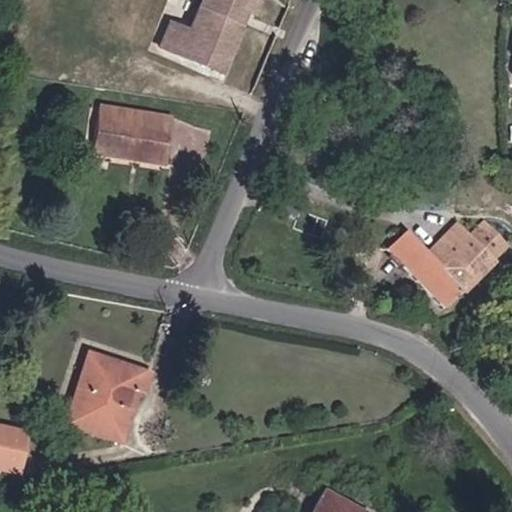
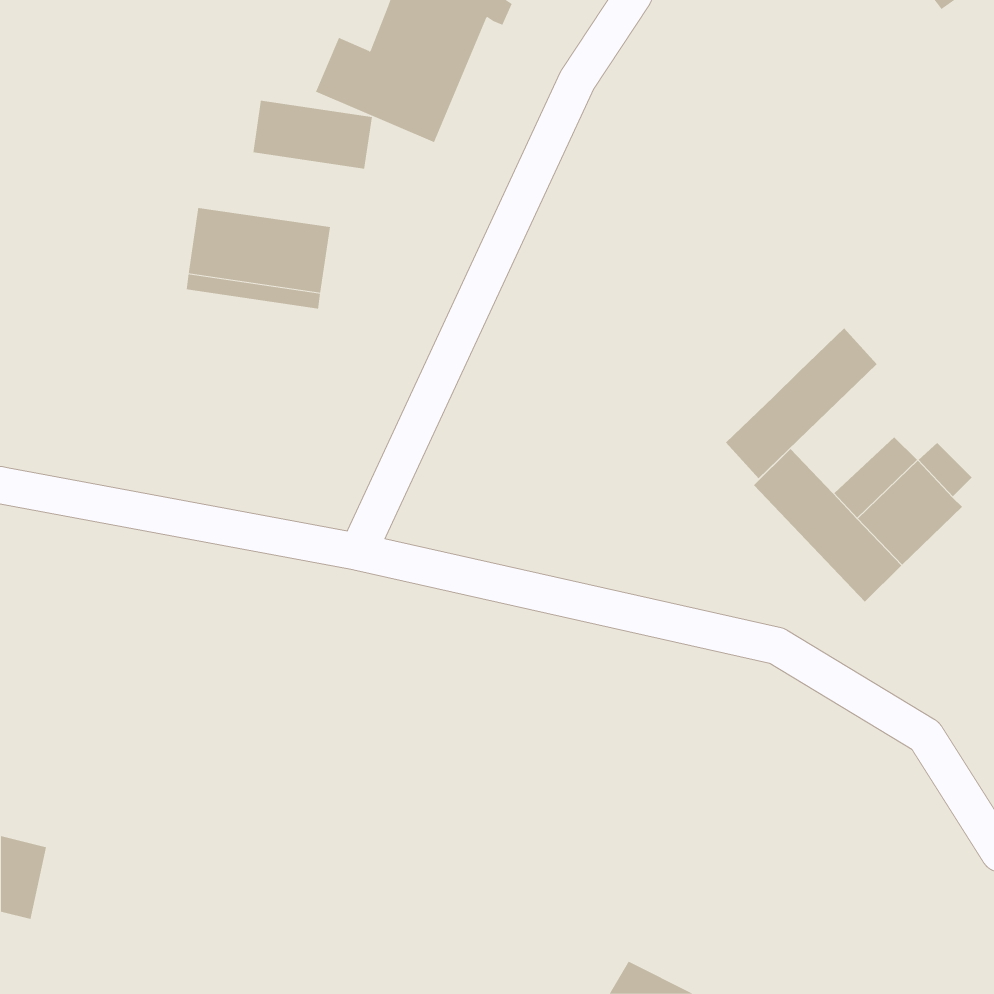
building: none -> [253,100,372,169]
building: none -> [725,328,877,479]
building: [67,353,150,440] -> none

